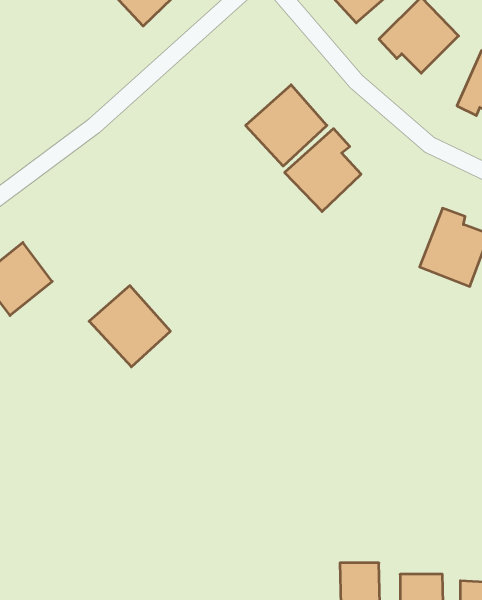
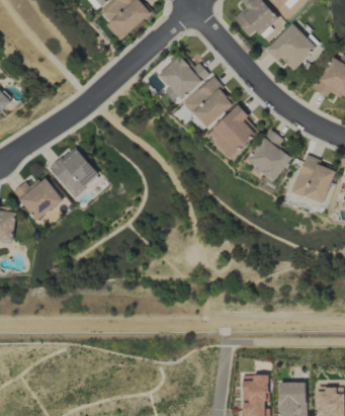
building: none -> [158,54,209,99]
building: none -> [248,134,291,180]
building: [89,286,170,367] -> [49,146,99,196]

